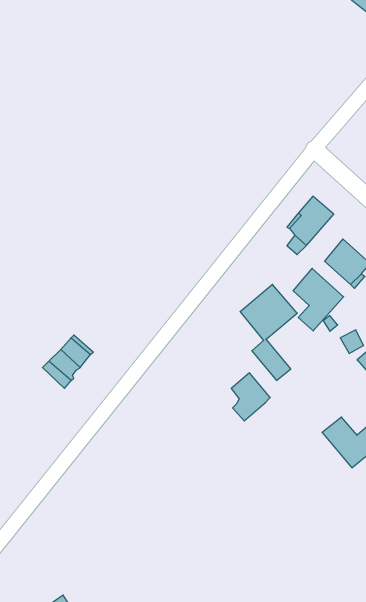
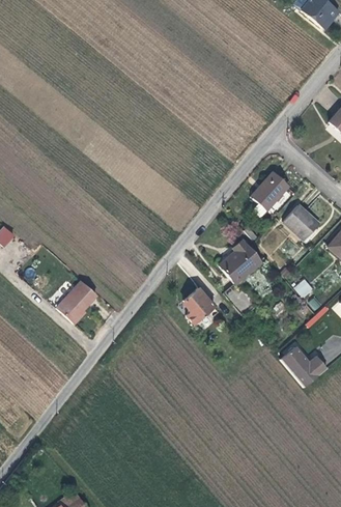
building: [293,268,344,331] -> none
building: [231,373,270,421] -> [183,285,215,323]

